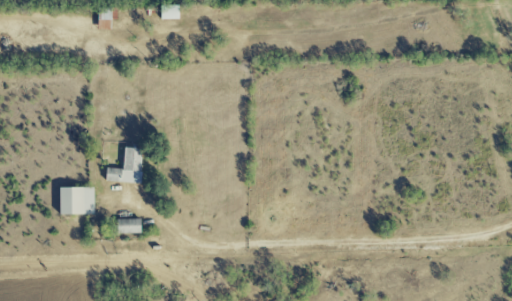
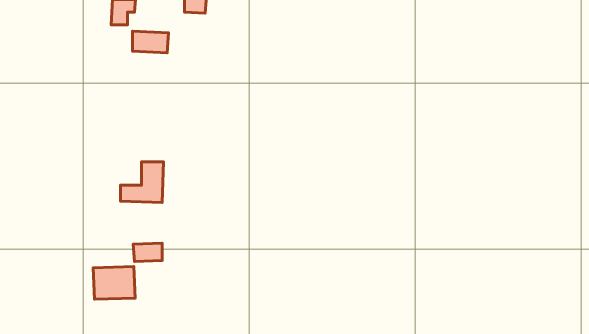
building: none -> [133,31,169,53]
building: [59,186,95,214] -> [93,267,135,299]

